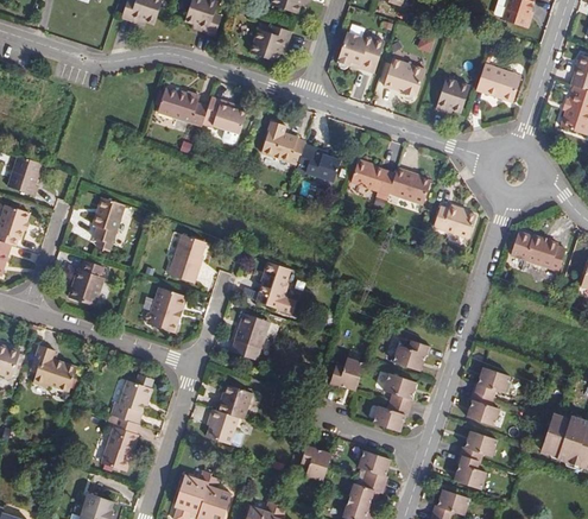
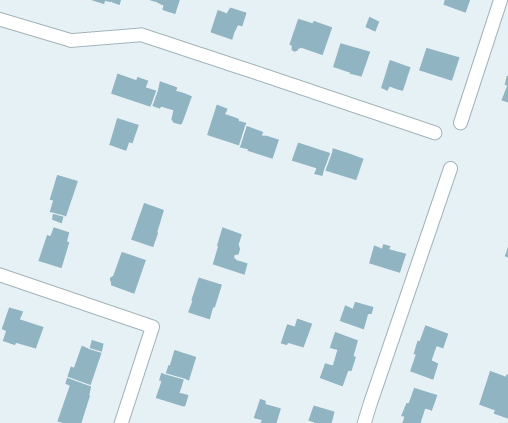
building: none -> [108,117,139,151]
building: [424,210,466,242] -> [368,243,407,274]
building: [513,241,554,276] -> none

